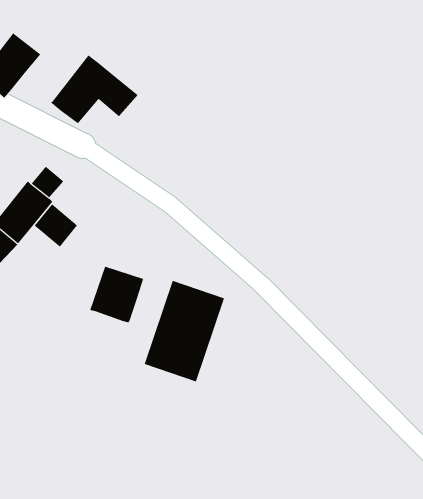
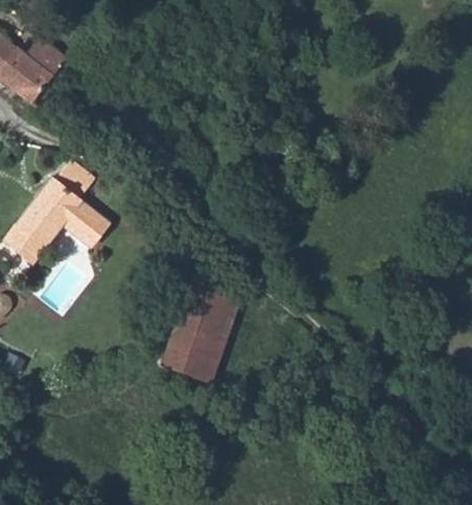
building: [50,54,138,124] -> none
building: [90,266,144,323] -> none

